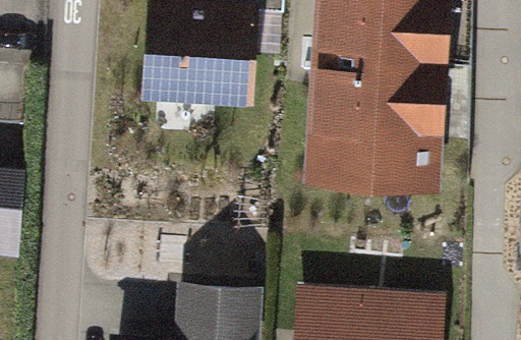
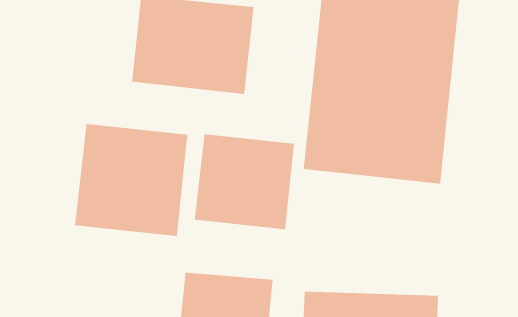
building: none -> [74,123,188,237]
building: none -> [194,134,295,230]

